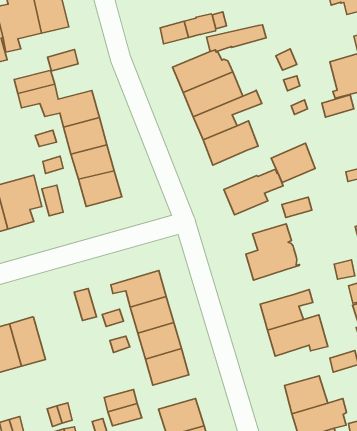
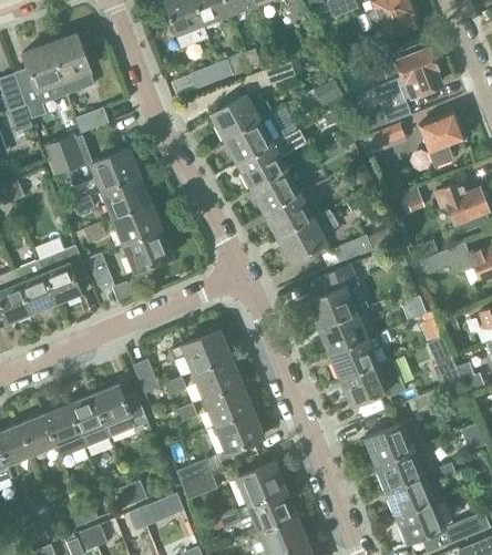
building: [271,143,315,182] -> [263,193,310,237]
building: none -> [319,314,365,353]
building: none -> [92,383,147,438]

